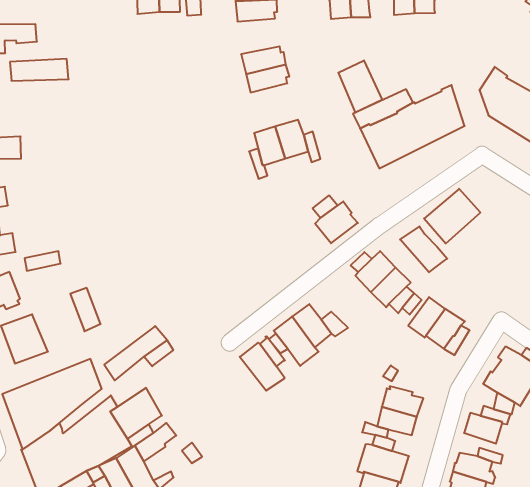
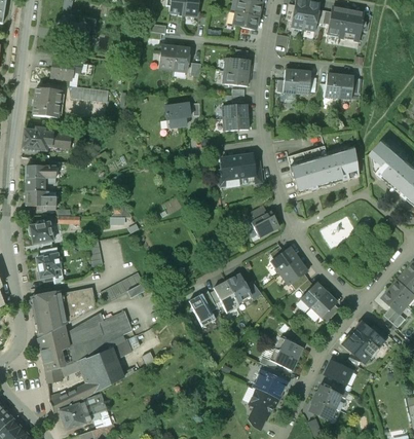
building: none -> [164,103,190,126]
building: [338,60,382,113] -> none
building: [400,226,447,272] -> none

